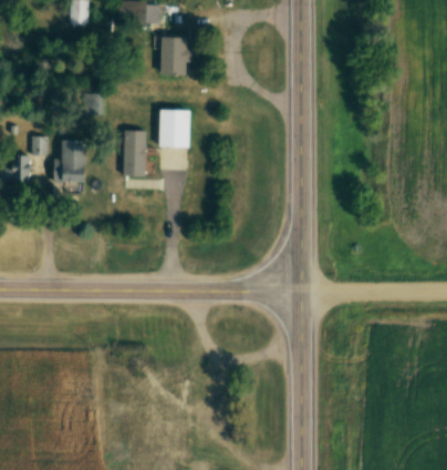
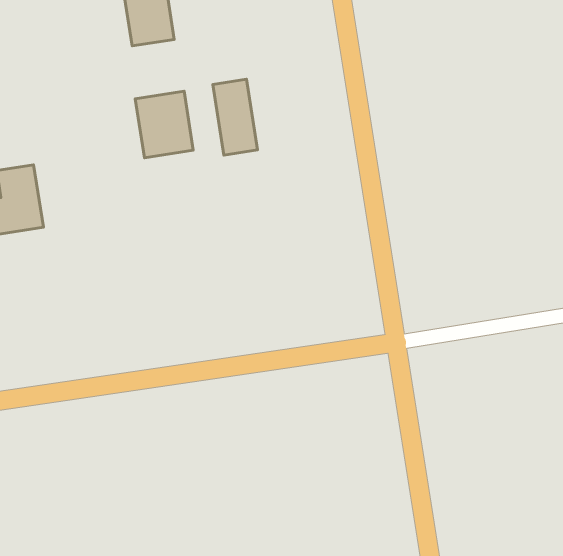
building: [124,130,146,176] -> [213,79,257,155]

